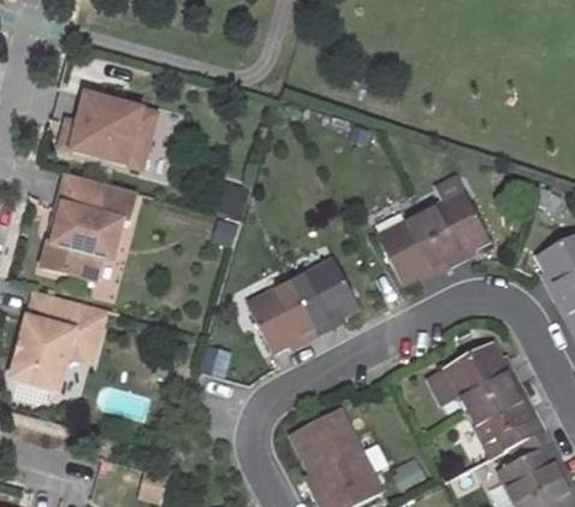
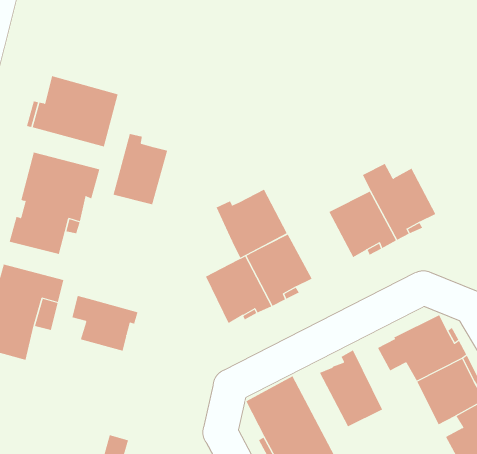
building: none -> [113,133,168,205]
building: none -> [216,189,287,258]
building: none -> [72,295,138,351]
building: none -> [319,350,383,427]

